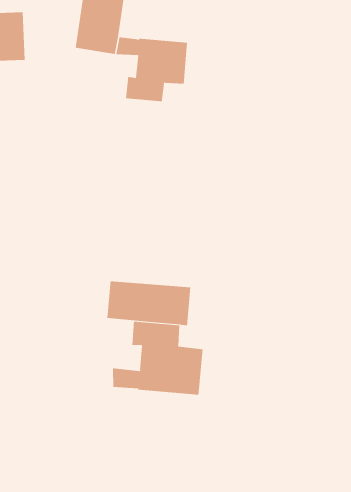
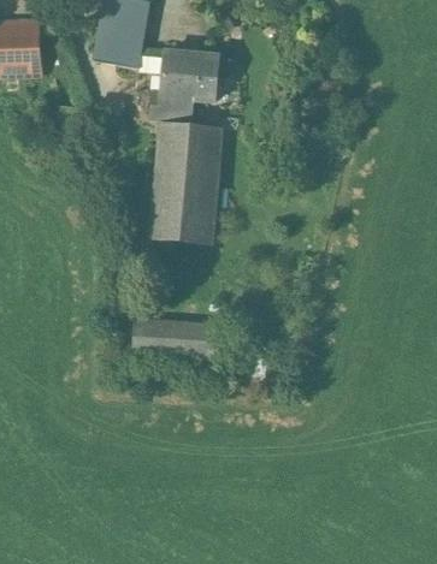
building: none -> [148,121,222,243]
building: [112,321,203,395] -> none

